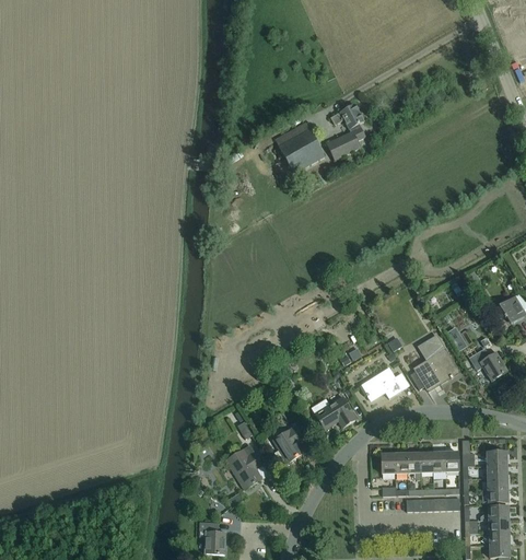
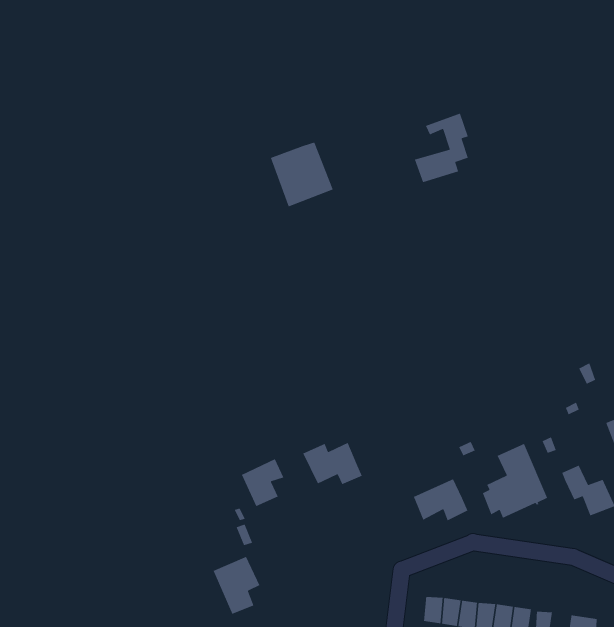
building: [274,122,324,173] -> [270,141,334,208]
building: [311,395,356,429] -> [302,442,363,485]
building: [272,424,304,462] -> [241,458,285,507]

